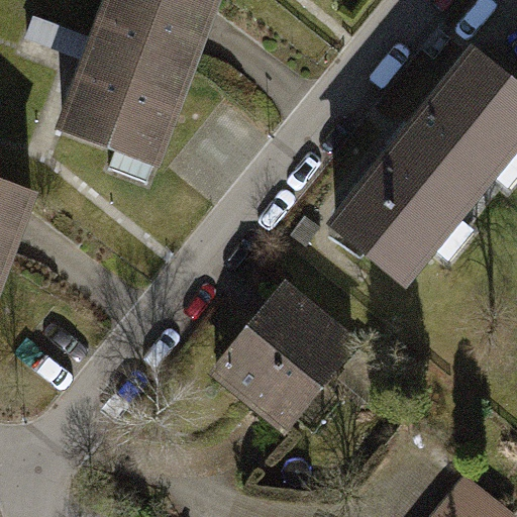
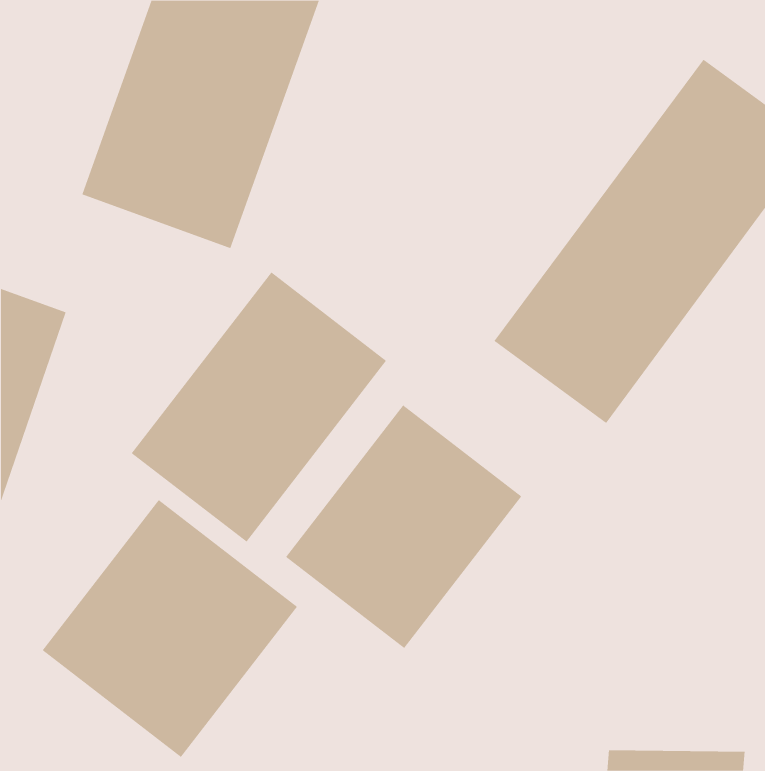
building: none -> [131,271,387,543]
building: none -> [42,499,298,758]

